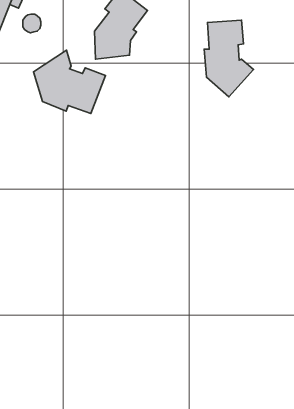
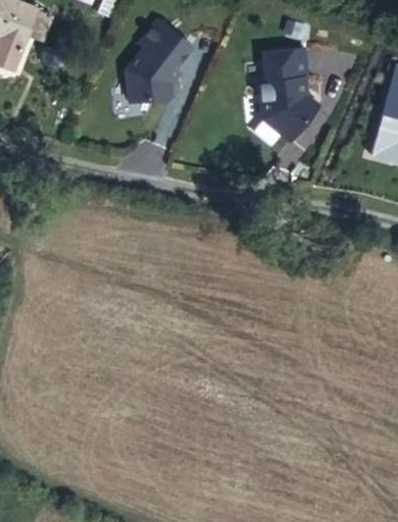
building: [34,50,106,114] -> none

